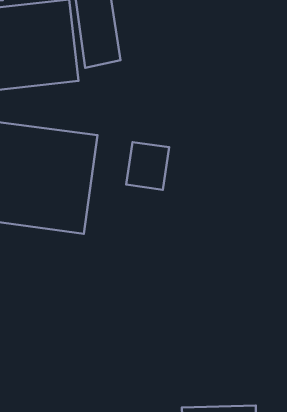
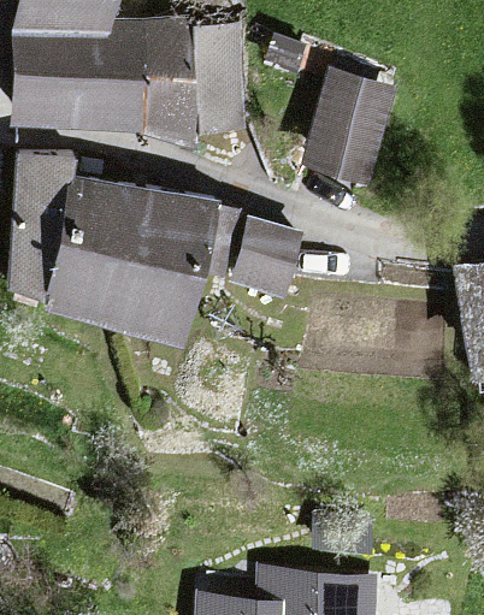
building: none -> [308,73,389,178]

